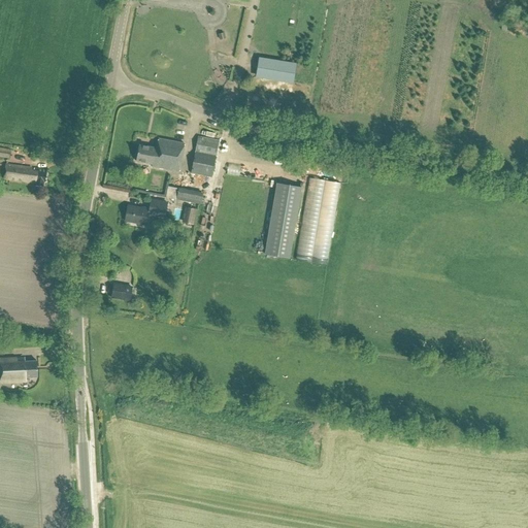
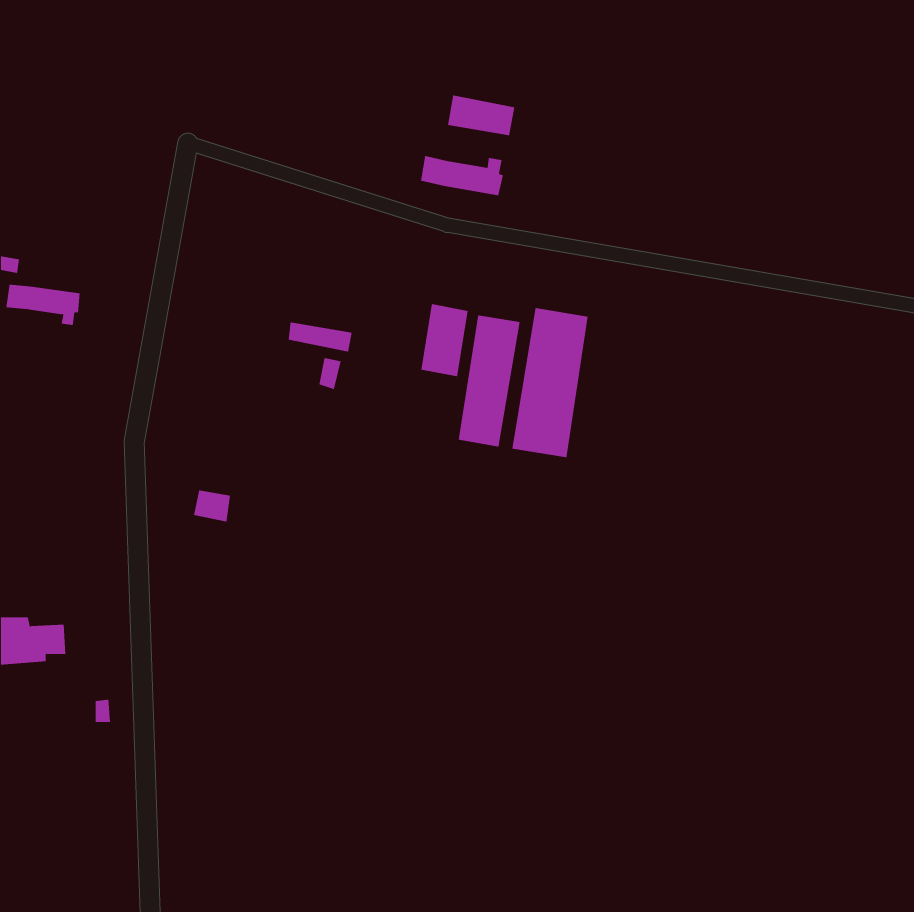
building: none -> [420,155,503,196]
building: [191,135,219,177] -> [420,304,469,377]
building: [134,137,184,171] -> none
building: [123,200,165,226] -> none

